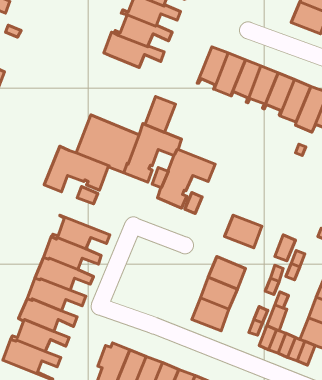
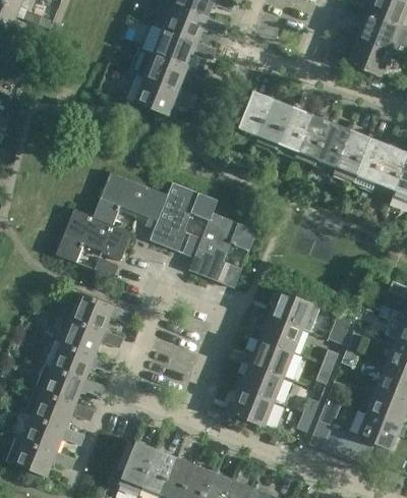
building: [145,97,176,132] -> none
building: none -> [259,315,303,352]

